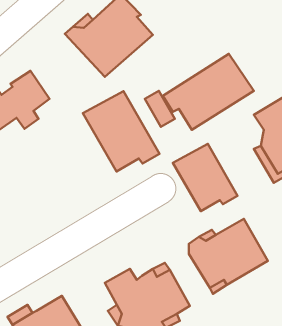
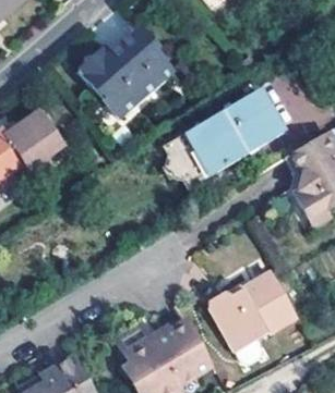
building: [83,91,159,172] -> none
building: [173,144,237,211] -> none

